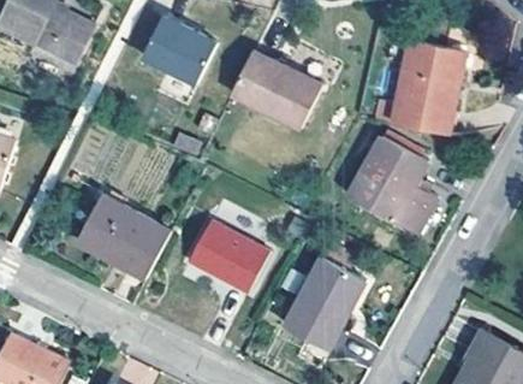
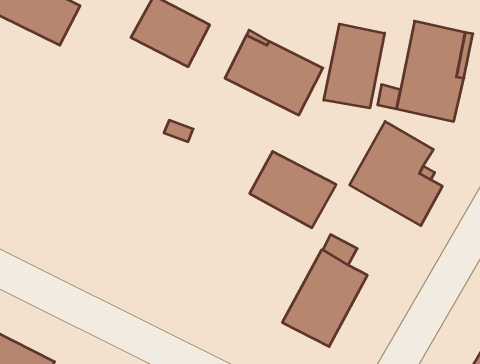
building: none -> [324,24,385,108]
building: [77,193,170,277] -> none
building: [188,219,269,291] -> [250,151,336,228]

